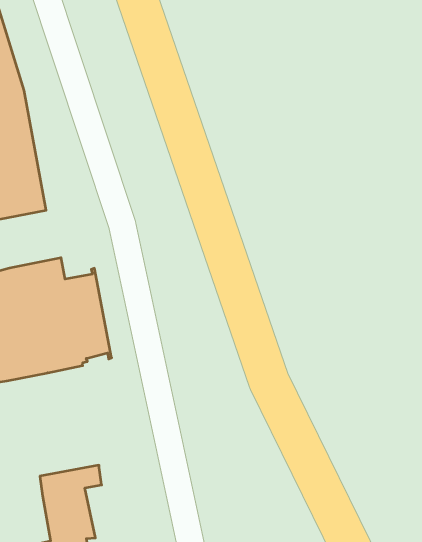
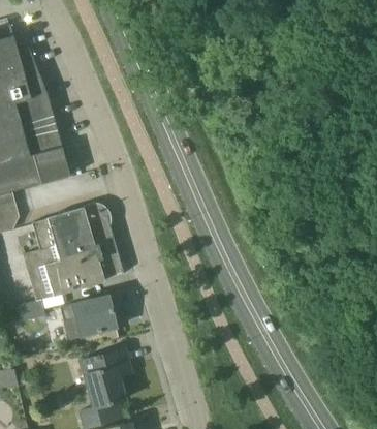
building: none -> [61,294,117,338]

